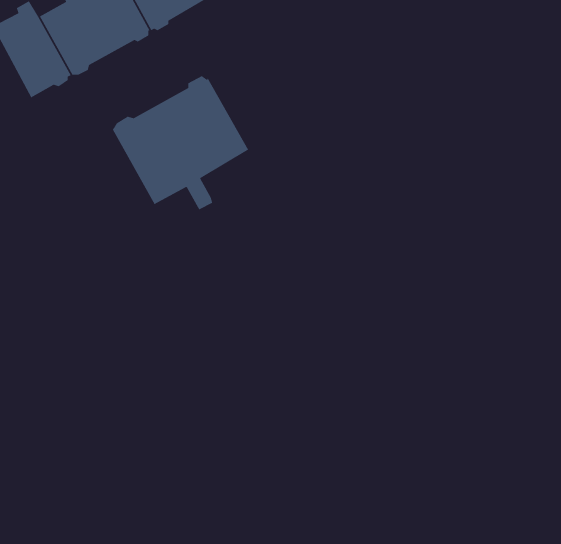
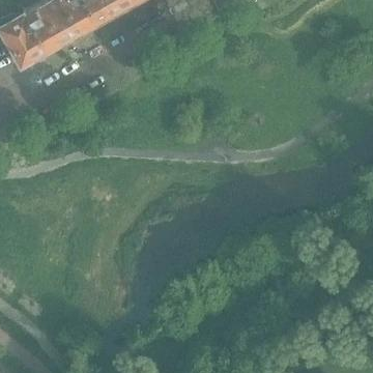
building: [112,75,249,211] -> none

